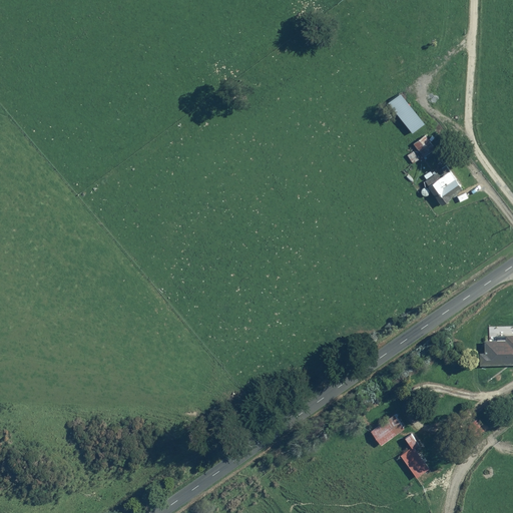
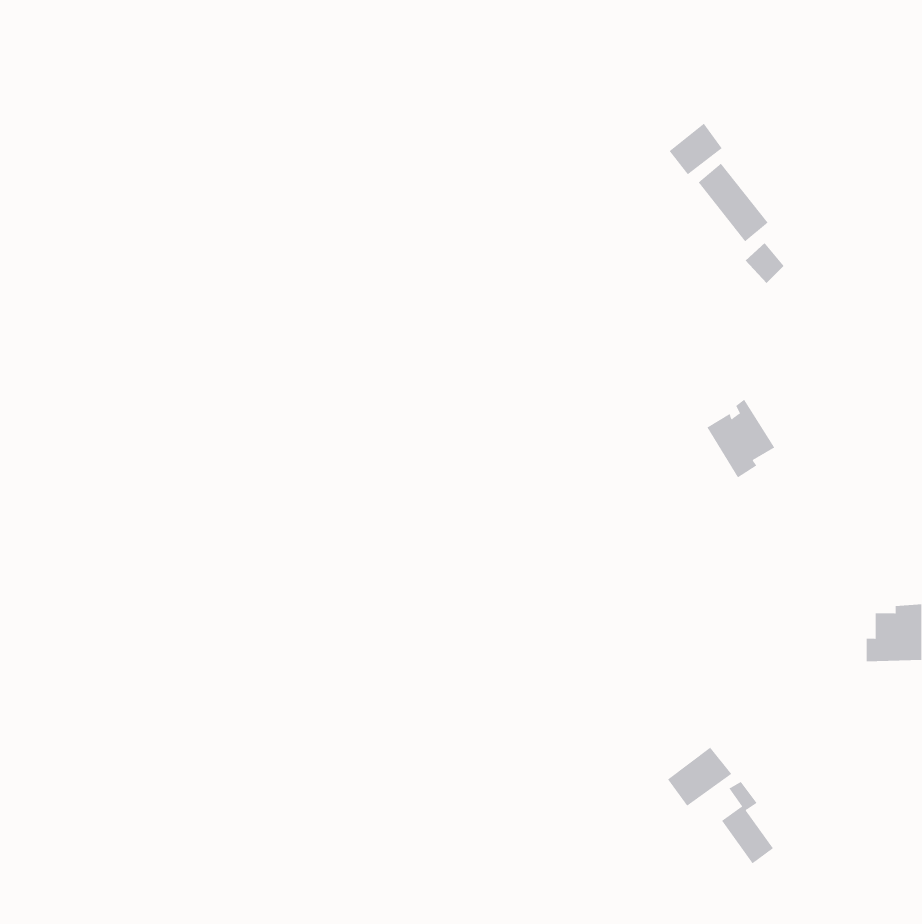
building: none -> [669,123,723,175]
building: [425,163,463,207] -> [707,399,775,478]

